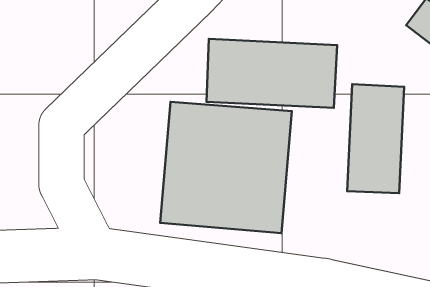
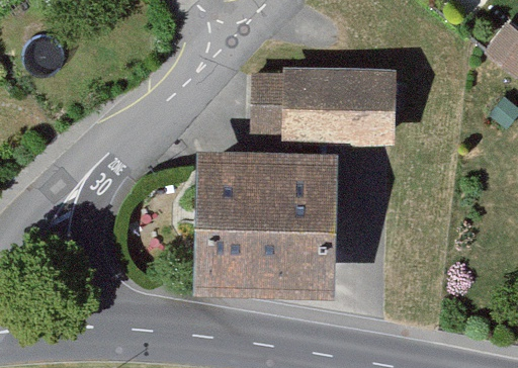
building: [347,84,404,193] -> none

